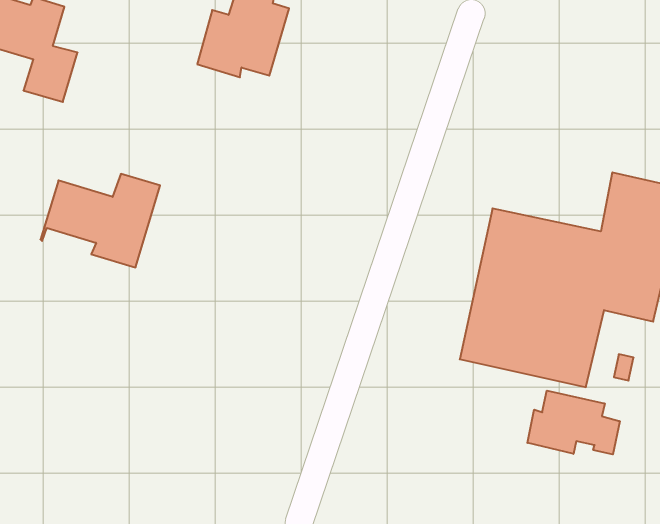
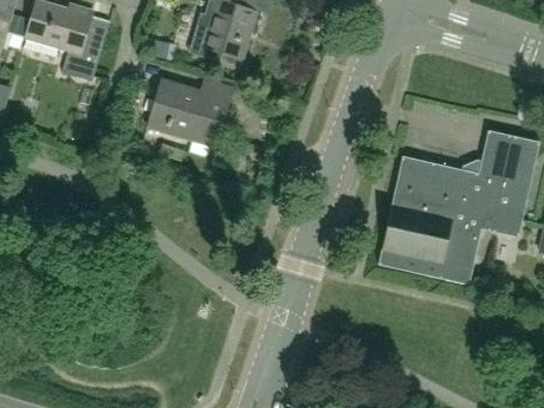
building: [40,174,160,267] -> [147,78,233,145]
building: [527,391,620,454] -> none

